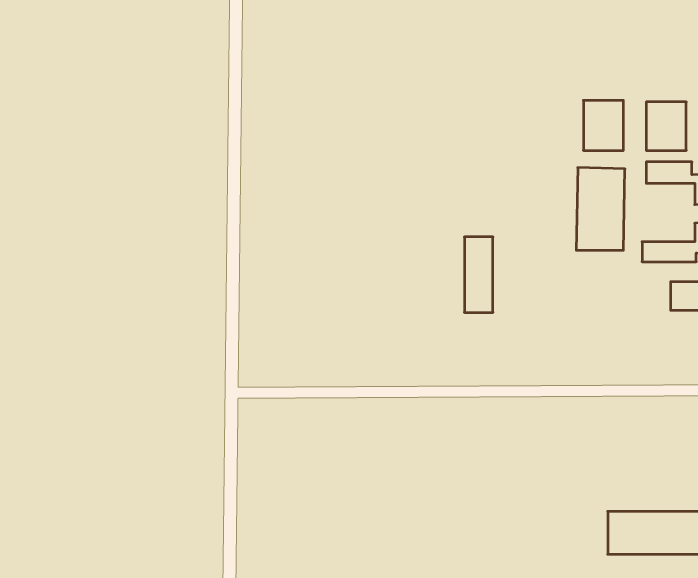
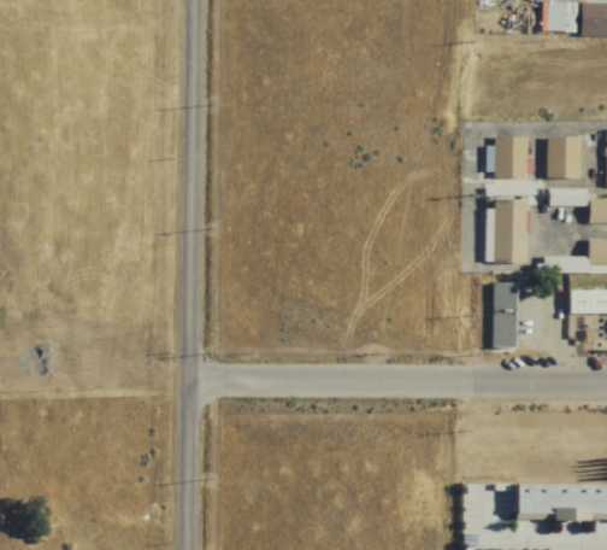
building: [464,237,493,312] -> [494,283,518,347]

